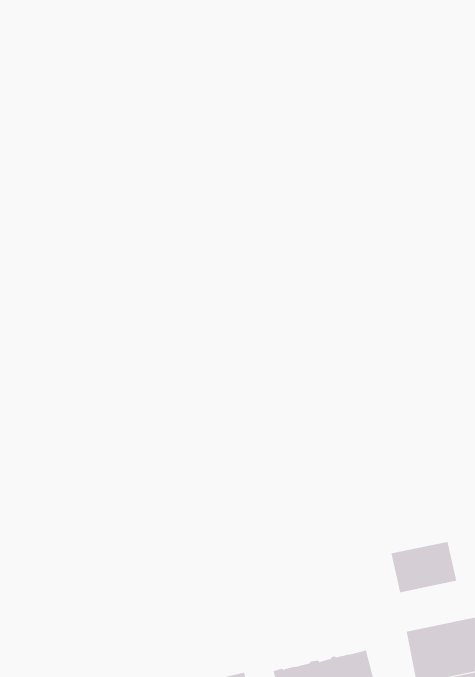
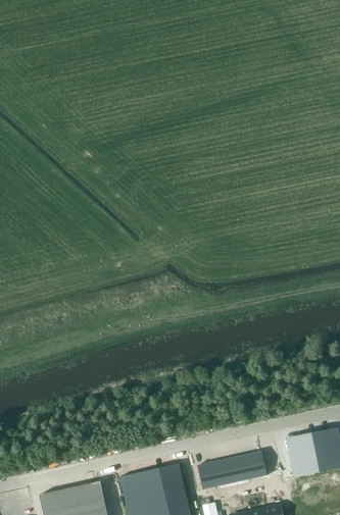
building: [391,541,457,593] -> none

